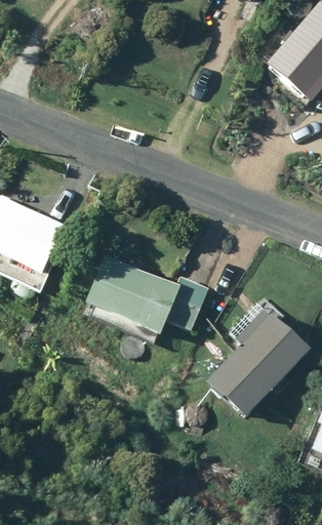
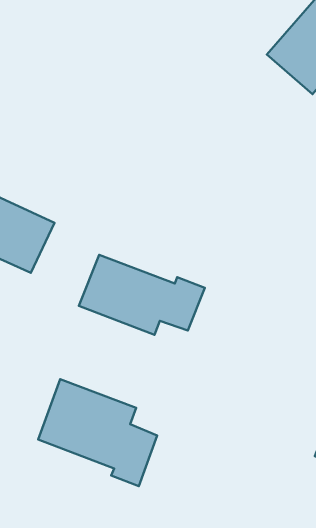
building: [206,307,309,416] -> none
building: none -> [38,379,157,486]

